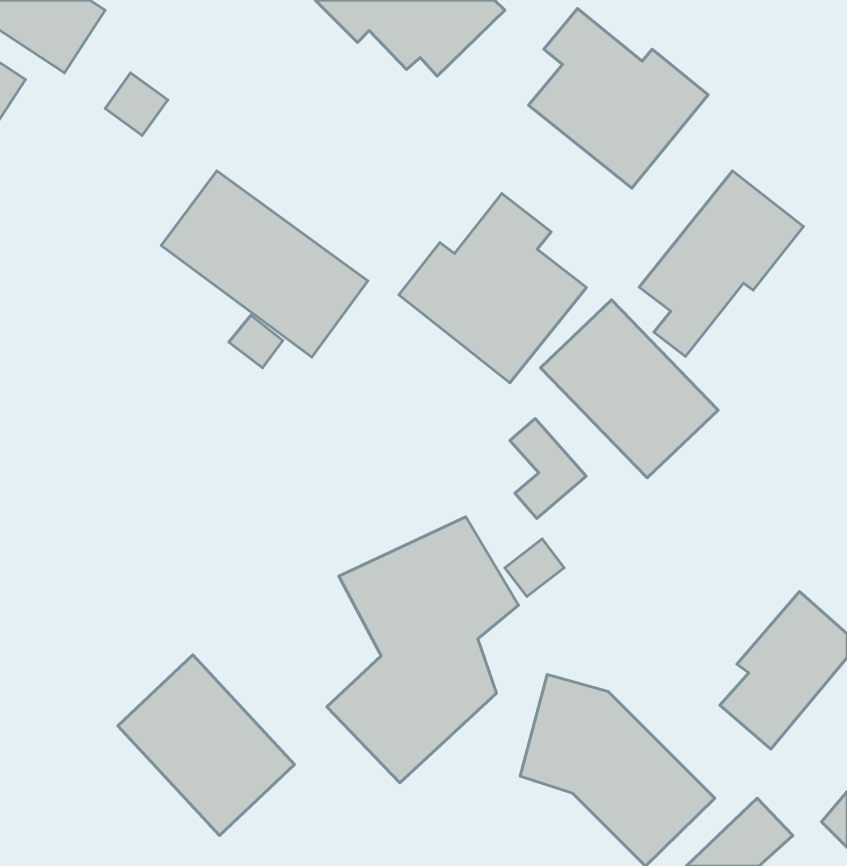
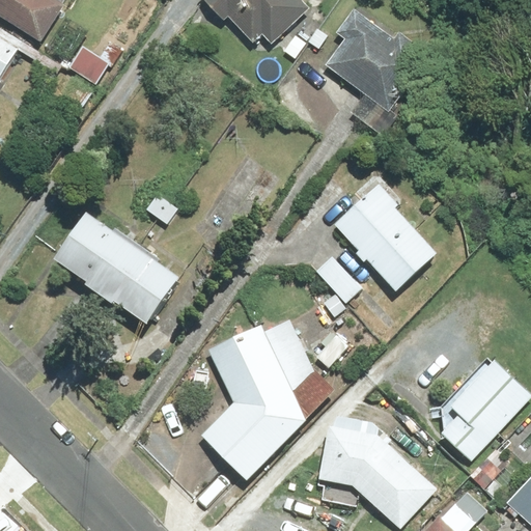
building: [161,171,368,357] -> [57,209,184,324]
building: [639,171,804,356] -> none
building: [399,193,586,383] -> none
building: [118,655,295,835] -> none

